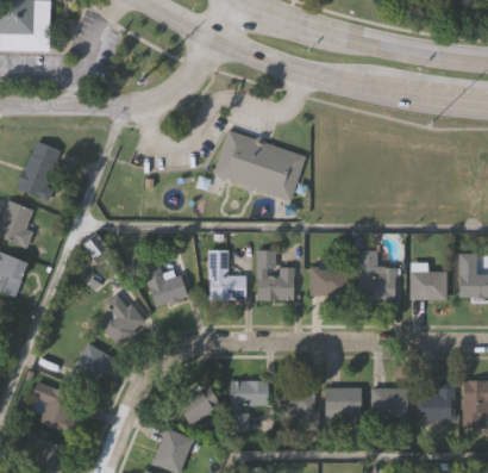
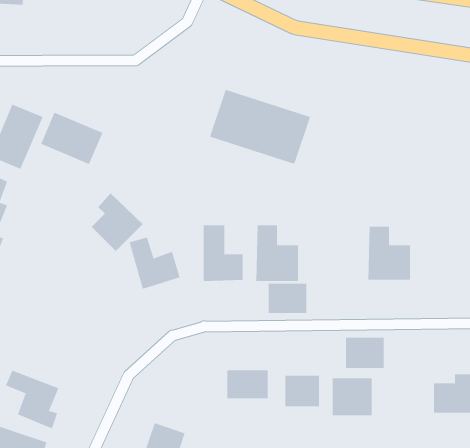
building: none -> [40,112,103,165]
building: [409,264,444,301] -> none
building: [311,269,346,297] -> [268,283,307,313]
building: [99,294,146,348] -> [91,193,144,252]
building: [68,343,113,391] -> none
building: [179,385,220,423] -> none
building: [371,390,407,418] -> [345,337,385,369]

